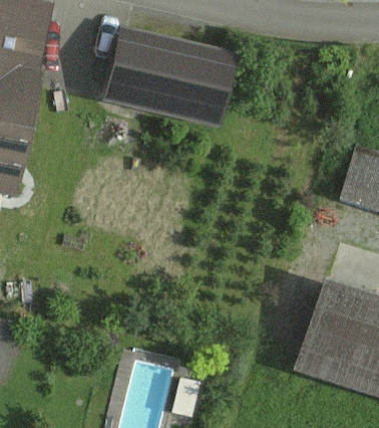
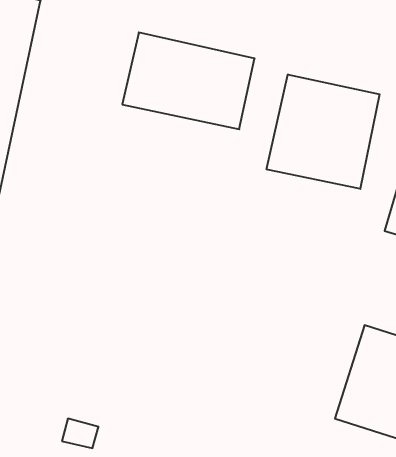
building: none -> [267,74,380,189]

